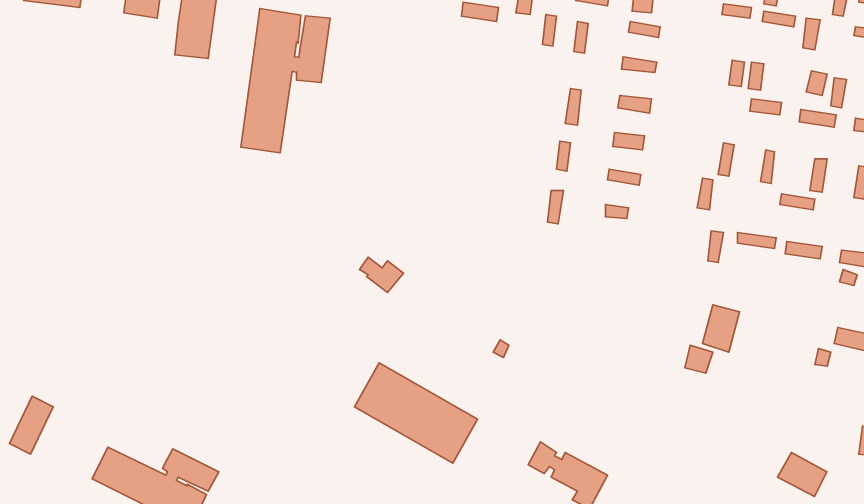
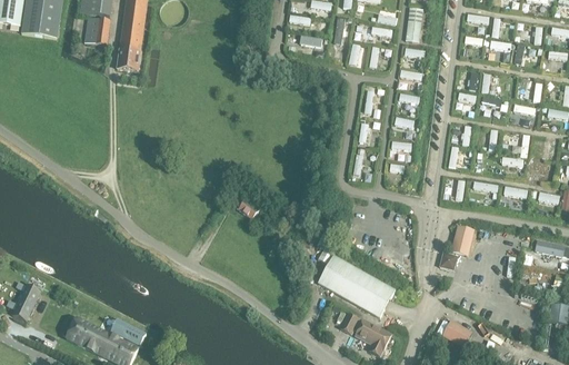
building: [241,9,330,153] -> none
building: [354,363,478,463] -> [318,255,396,318]
building: [778,452,827,496] -> [441,320,472,348]

